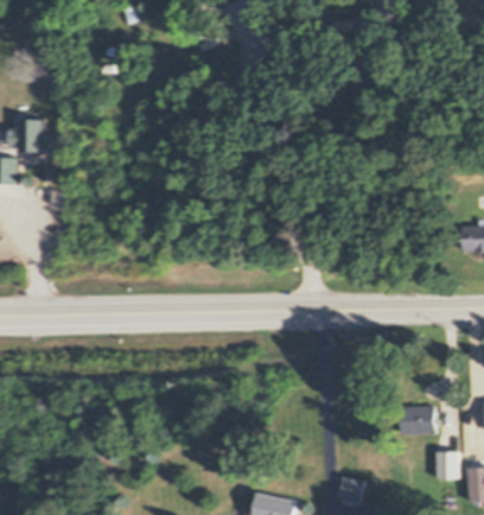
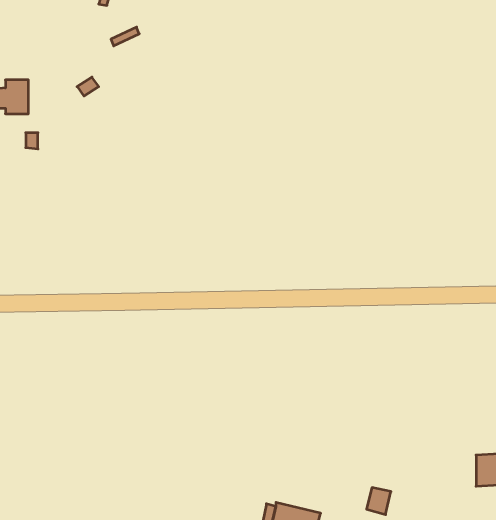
building: [400,406,435,435] -> none

